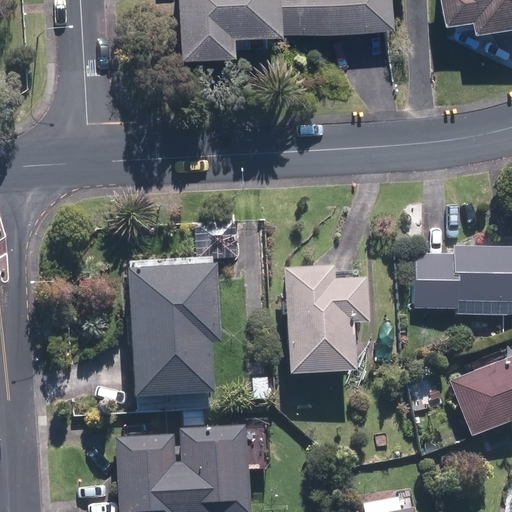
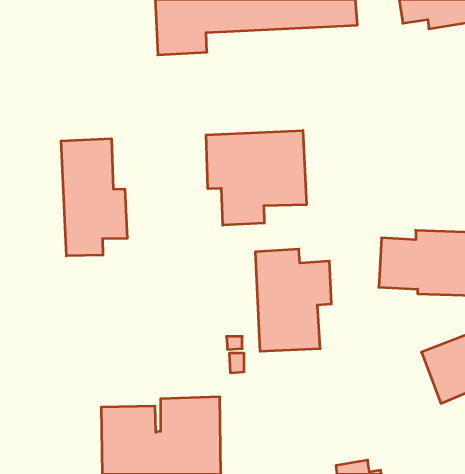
building: none -> [206,130,306,225]
building: none -> [61,139,127,256]
building: [128,259,219,400] -> none

